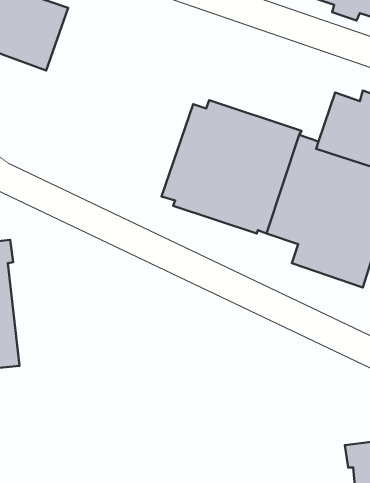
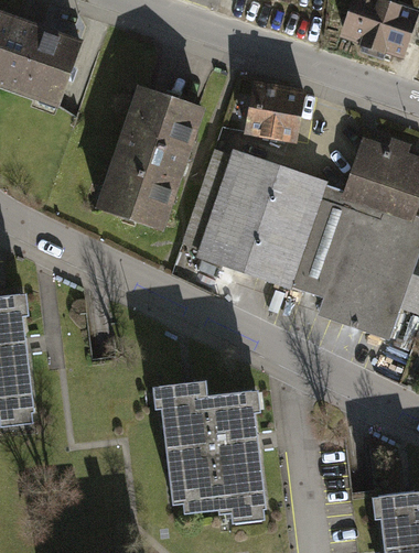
building: none -> [244,83,305,141]
building: none -> [97,89,202,231]
building: none -> [153,382,267,525]

